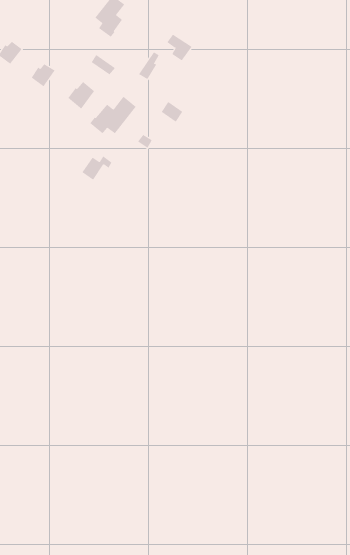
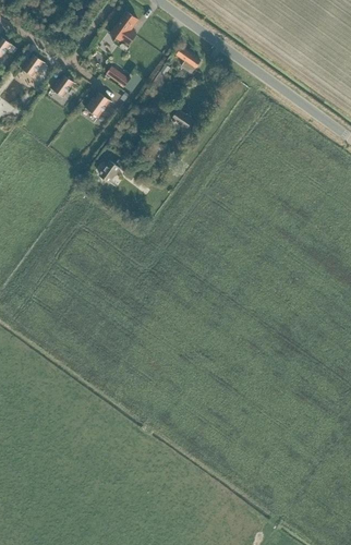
building: [90,96,136,134] -> none

